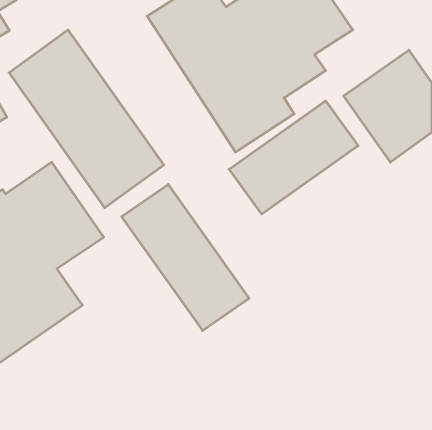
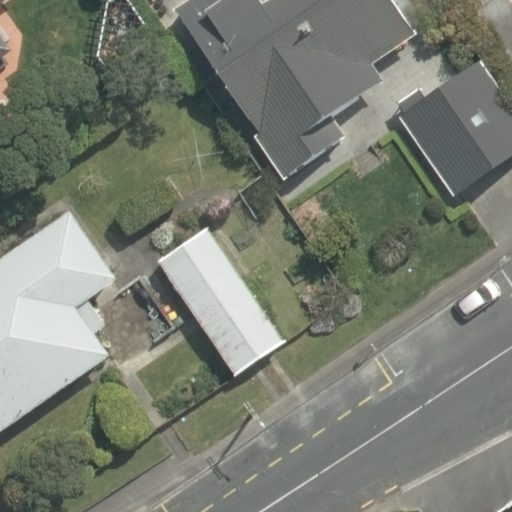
building: [9,30,164,208] -> none
building: [229,101,358,214] -> none

